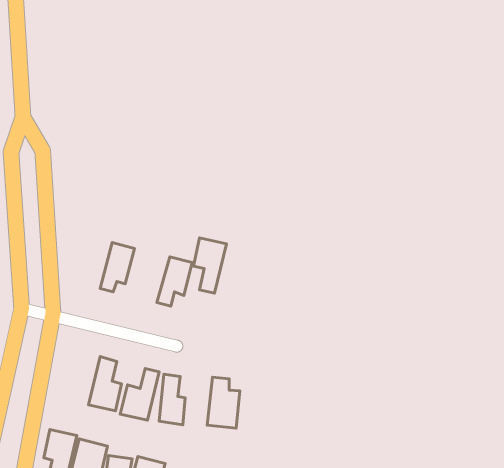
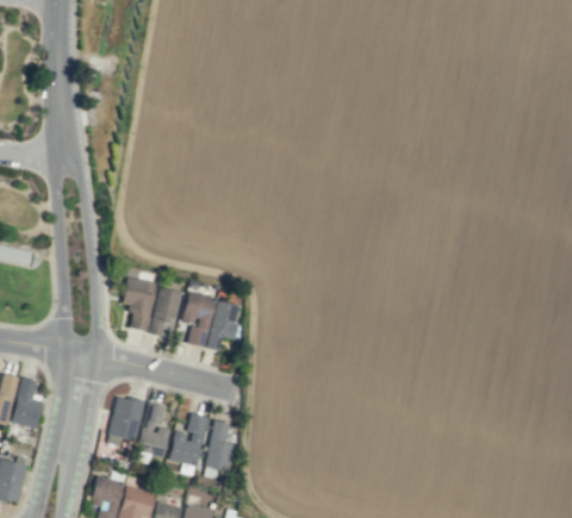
building: none -> [123,276,156,330]
building: [193,238,226,293] -> [182,291,216,347]
building: none -> [106,394,144,444]
building: [207,377,240,428] -> none

